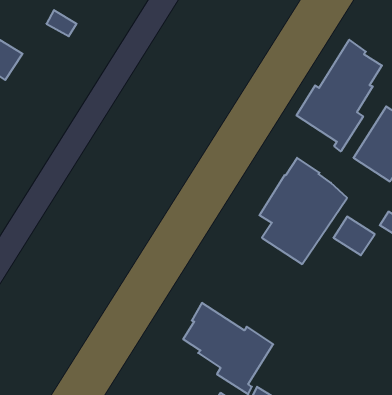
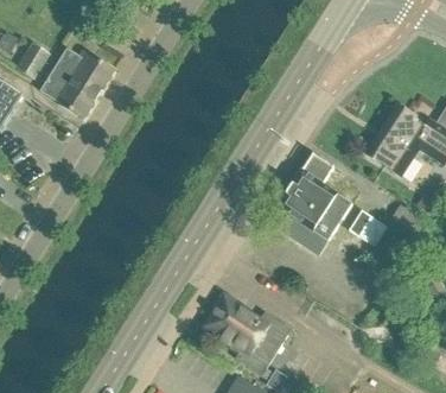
building: [297,40,382,151] -> none
building: none -> [38,44,114,118]

